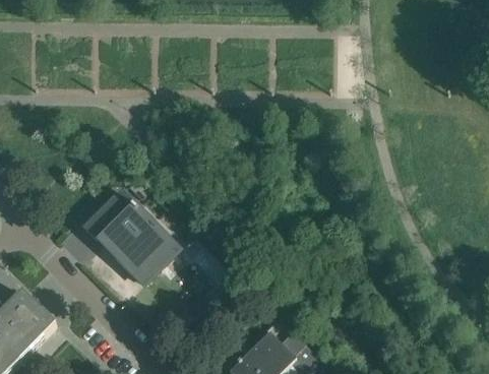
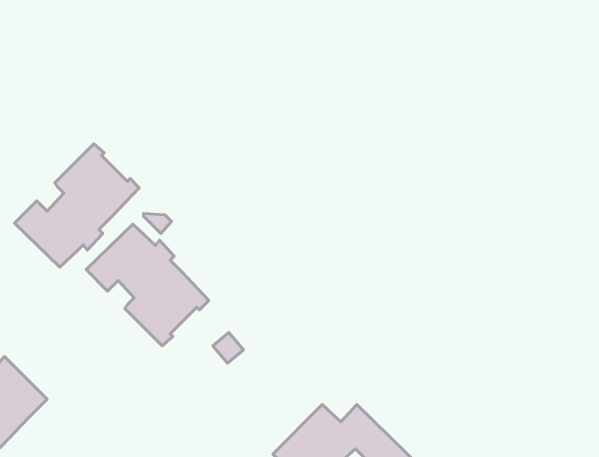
building: none -> [14,144,139,267]

